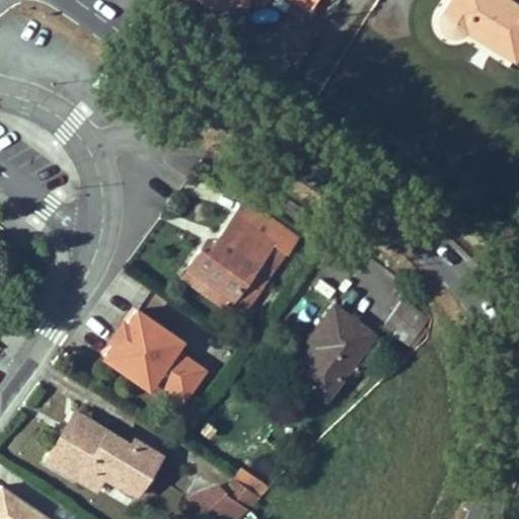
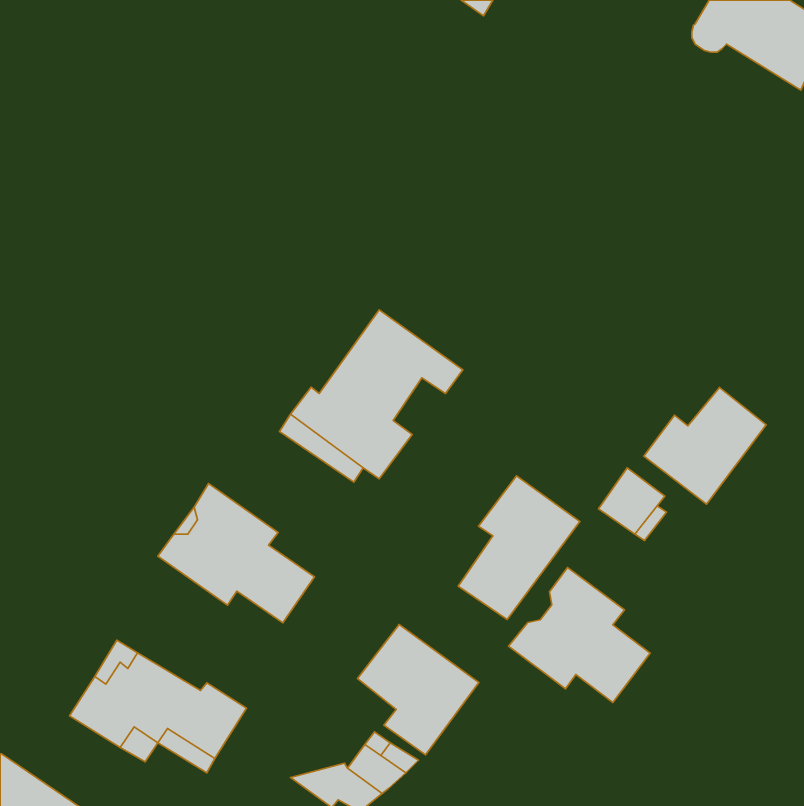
building: none -> [644,387,766,504]
building: none -> [508,567,650,703]
building: none -> [358,625,479,755]

